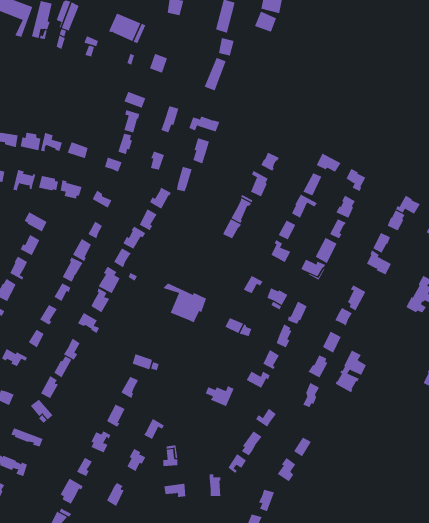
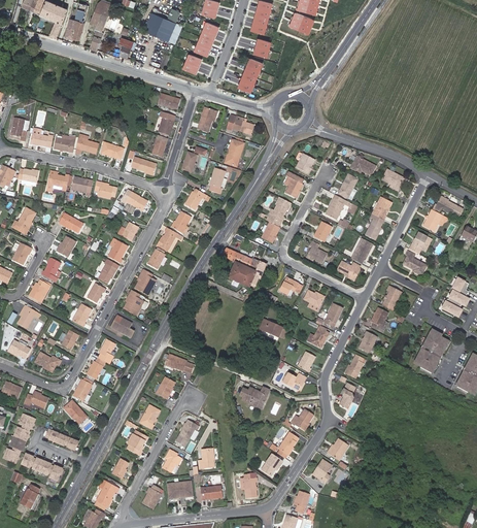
building: none -> [193,21,218,56]
building: [163,283,207,323] -> [220,248,265,288]
building: [335,350,367,393] -> [415,328,447,371]
building: none -> [165,481,192,499]

